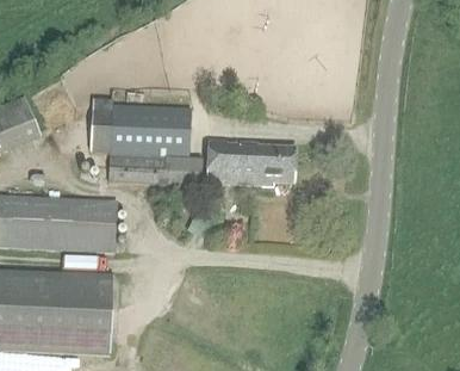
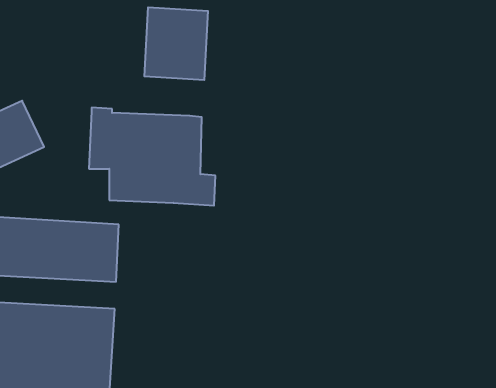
building: none -> [144,7,208,80]
building: [204,140,293,185] -> none

